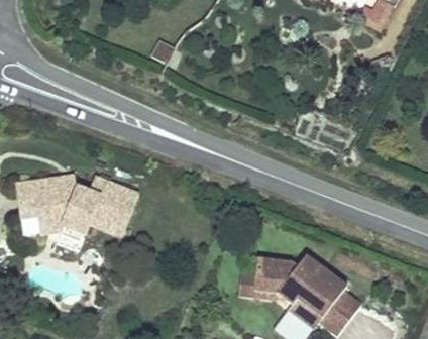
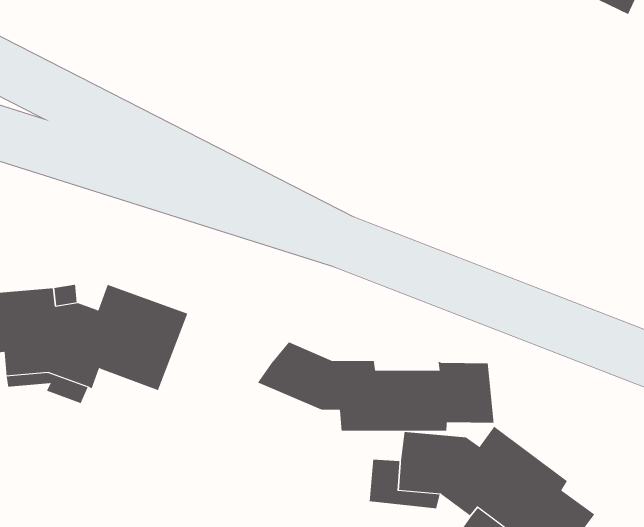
building: none -> [257,341,494,432]

